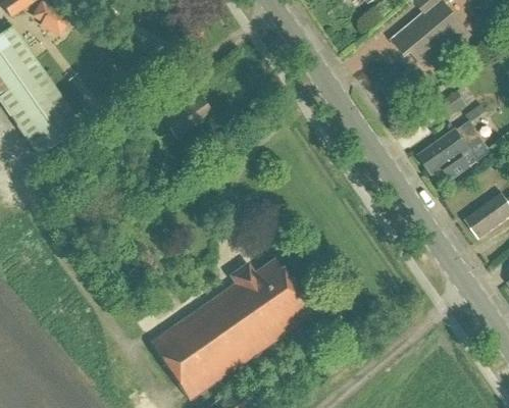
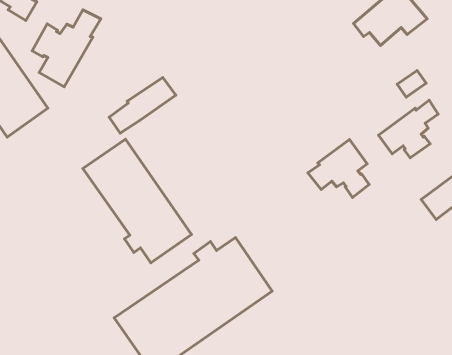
building: none -> [32,10,101,87]
building: none -> [83,139,191,263]
building: none -> [308,140,369,197]

